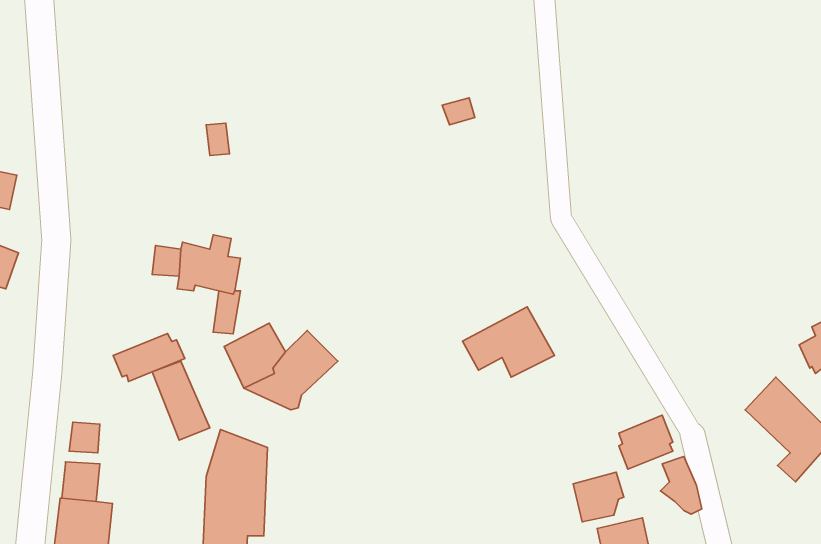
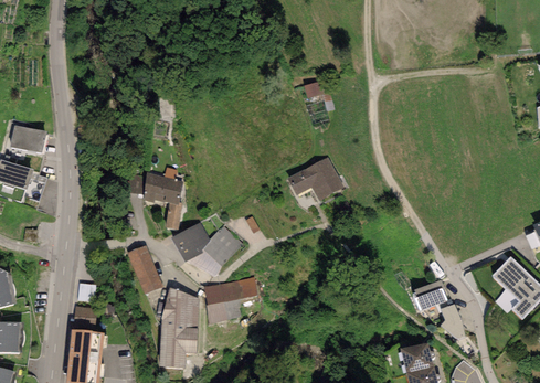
building: [462,307,554,377] -> [287,157,343,200]
building: [113,333,185,381] -> none
building: none -> [202,277,257,323]
building: [573,472,624,522] -> none

